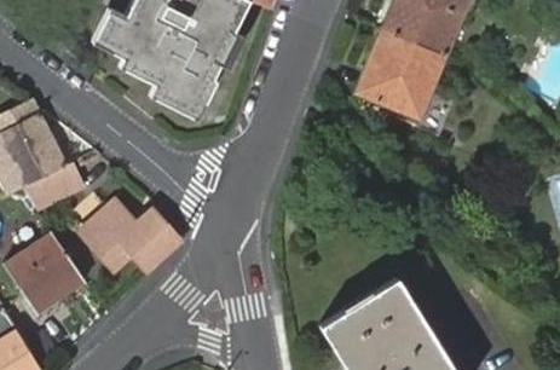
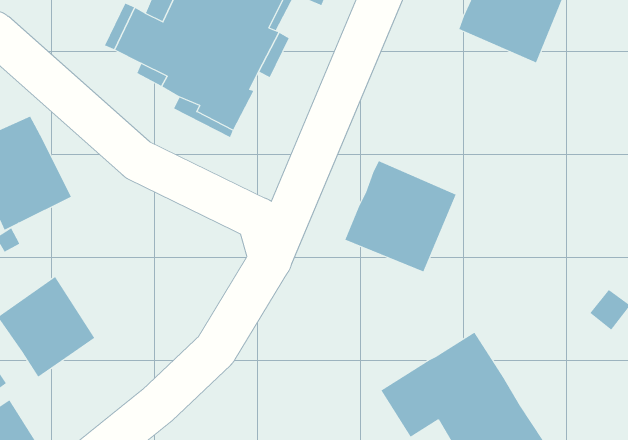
building: [354,28,446,120] -> [345,161,456,272]
building: [21,162,80,208] -> none
building: [79,200,180,271] -> none

